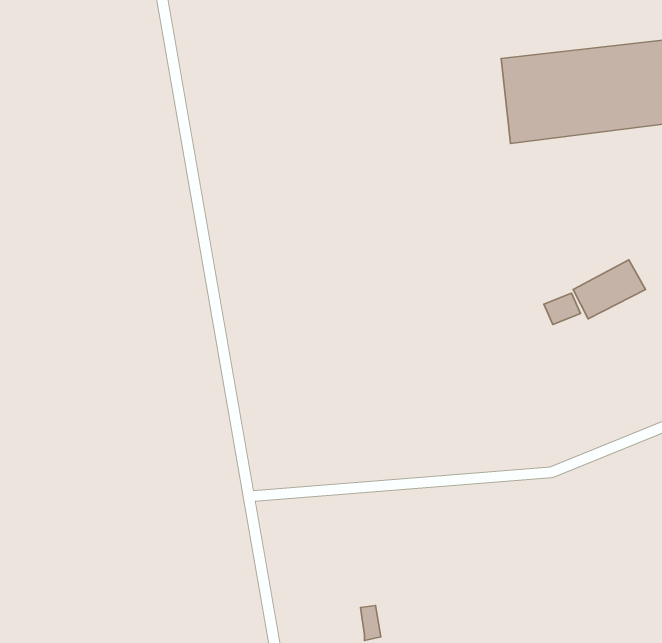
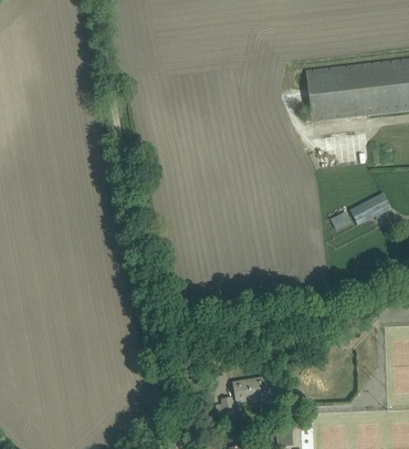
building: none -> [232,378,274,406]

